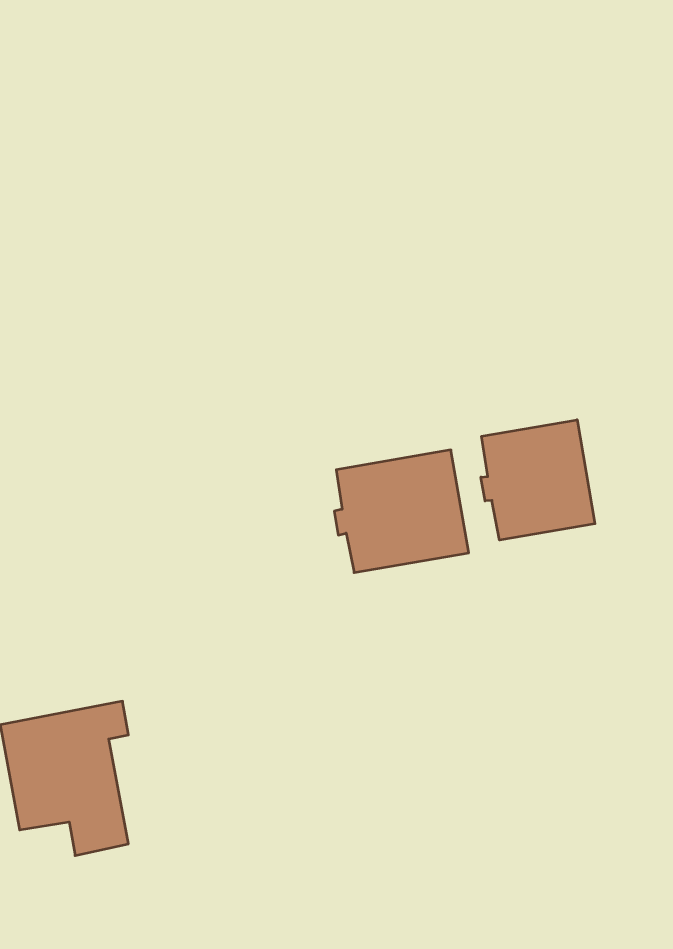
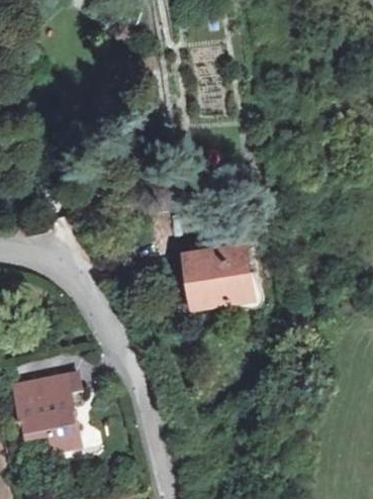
building: [481,420,595,540] -> none

